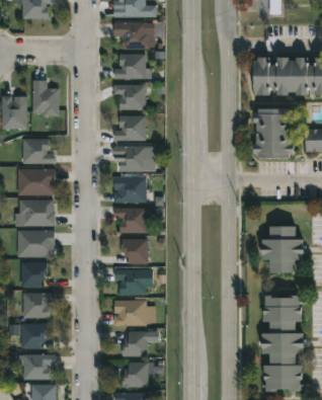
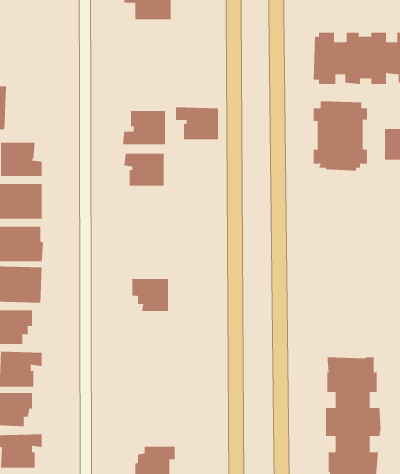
building: [114,53,147,79] -> none
building: [33,81,60,115] -> none
building: [113,84,146,108] -> [175,107,219,140]
building: [114,176,147,204] -> none
building: [114,208,153,234] -> none
building: [261,227,305,273] -> none
building: [114,269,147,295] -> none
building: [114,300,156,326] -> none
building: [122,331,149,357] -> none

